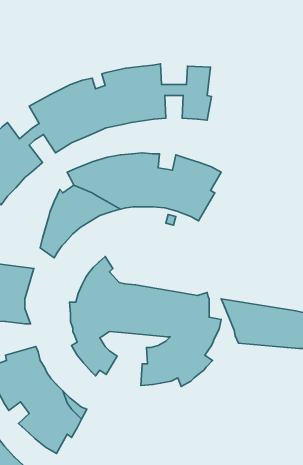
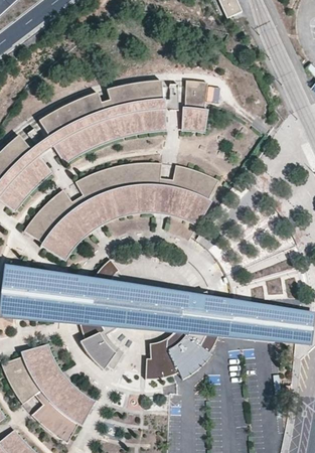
building: none -> [25,189,69,251]
building: none -> [37,270,94,325]
building: none -> [207,296,235,339]

